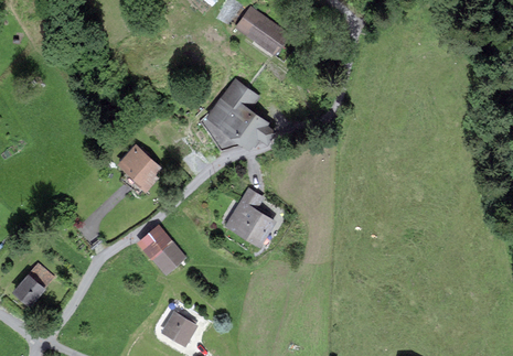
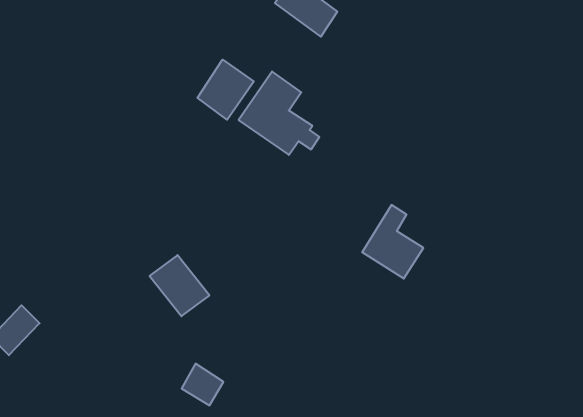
building: none -> [197,60,254,120]
building: [119,147,161,188] -> none
building: [225,188,274,247] -> [362,205,423,279]

